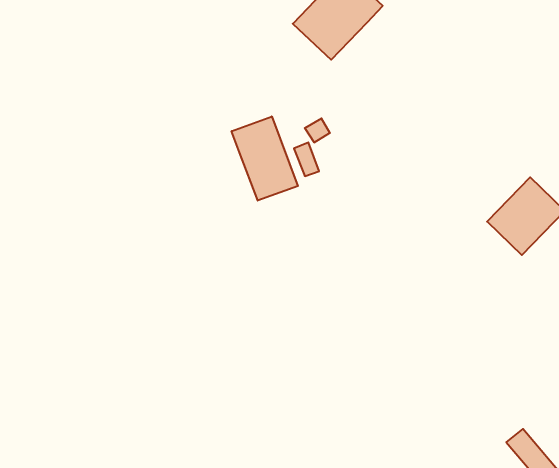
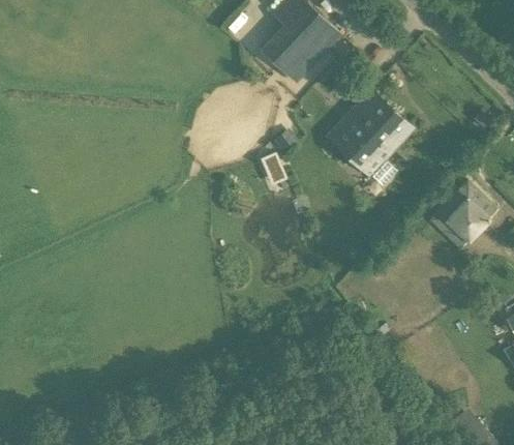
building: none -> [331,93,404,168]
building: [232,116,298,201] -> none

